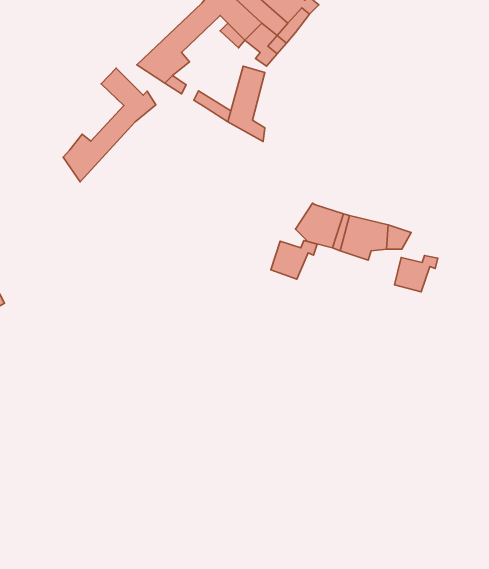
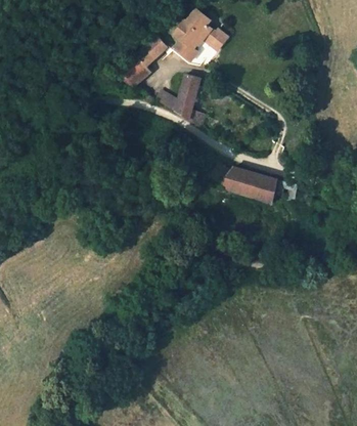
building: [63,68,156,182] -> none
building: [271,240,317,279] -> none
building: [395,255,438,292] -> none

